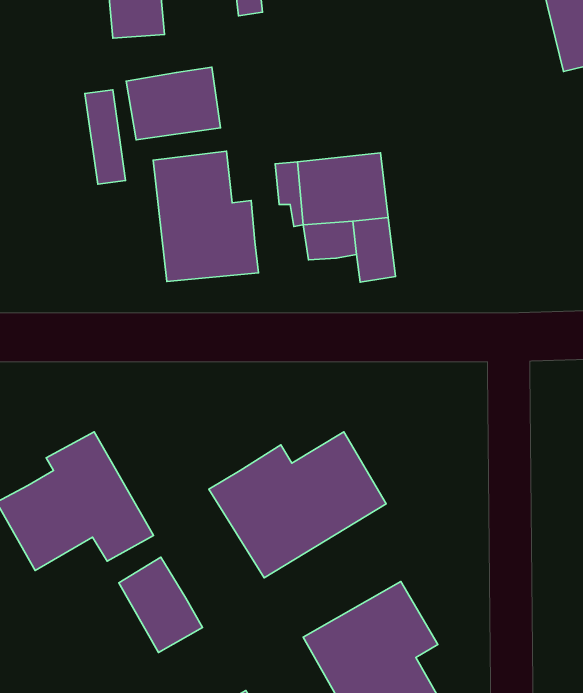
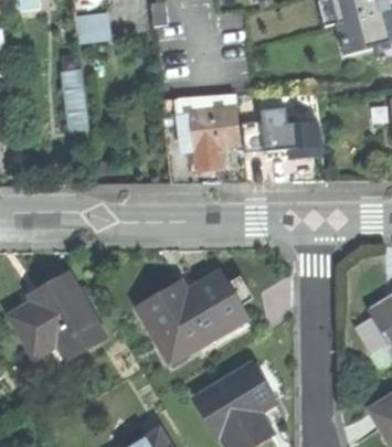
building: [126,67,220,140] -> none
building: none -> [245,104,319,160]
building: [153,151,259,282] -> none
building: [119,557,203,653] -> none

